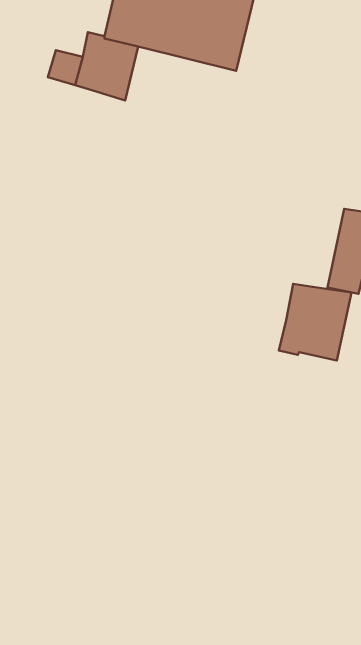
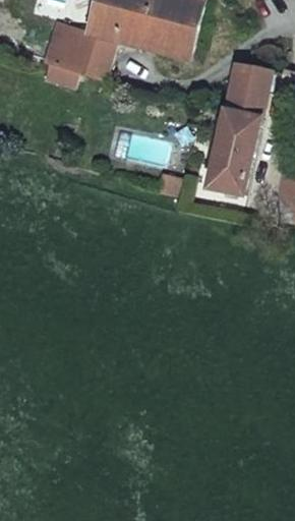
building: none -> [208,62,272,193]
building: [279,284,352,361] -> none

